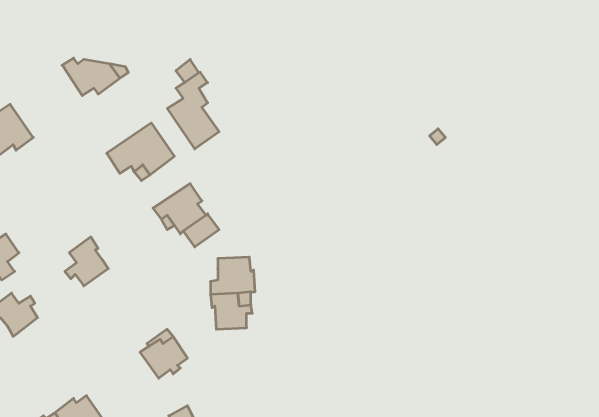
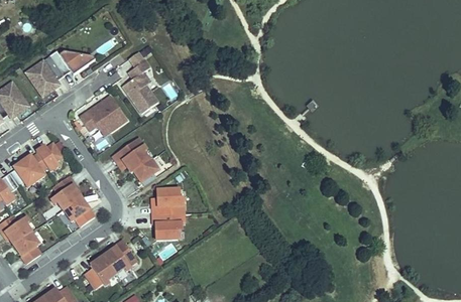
building: none -> [25,56,63,97]
building: none -> [9,143,62,187]
building: none -> [64,197,94,225]
building: none -> [14,232,41,263]
building: none -> [85,256,116,288]

